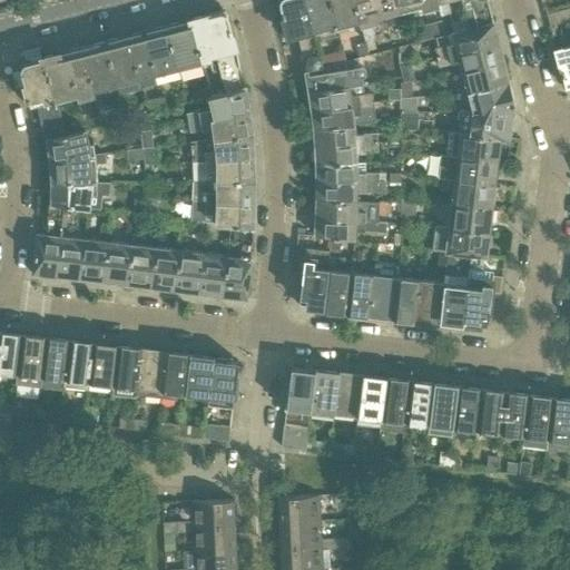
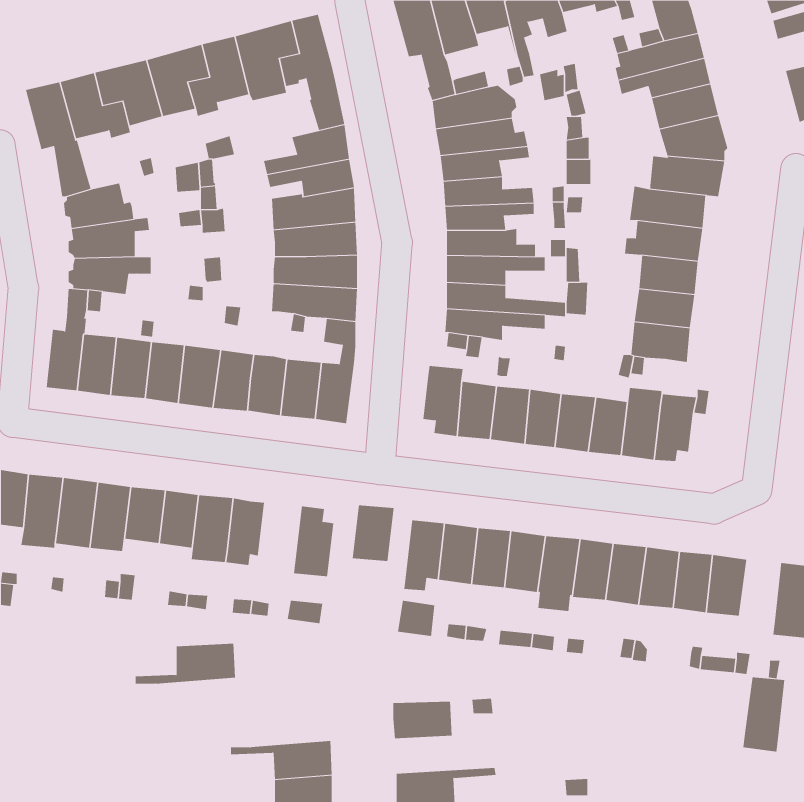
building: [184,357,214,397] -> [352,505,395,561]
building: [522,397,552,451] -> [742,677,785,752]
building: [164,501,235,530] -> [135,643,236,684]
building: [279,522,351,549] -> none

